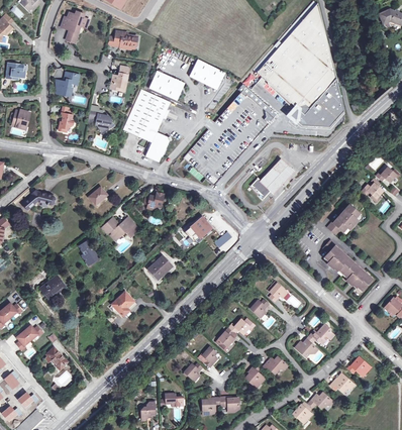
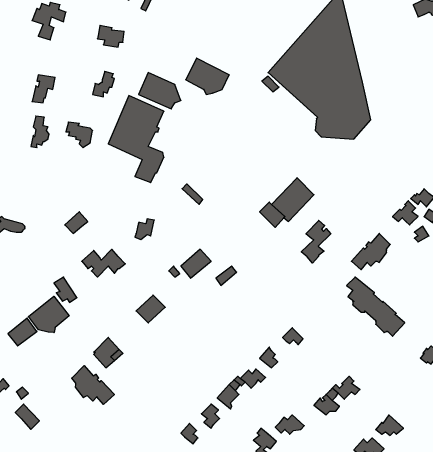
building: none -> [301,220,331,263]
building: none -> [28,296,69,333]
building: none -> [72,366,114,404]

